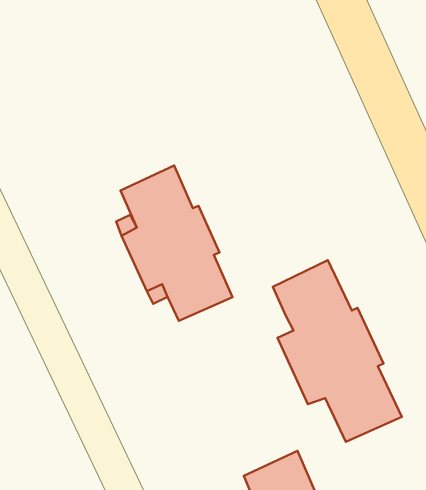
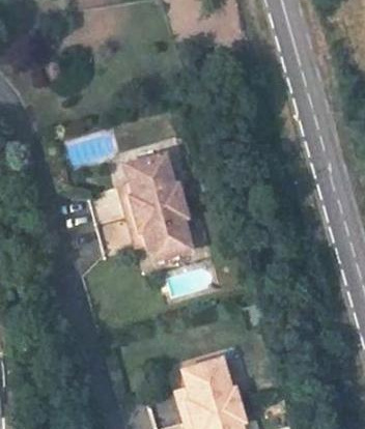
building: [273,260,402,442] -> none

